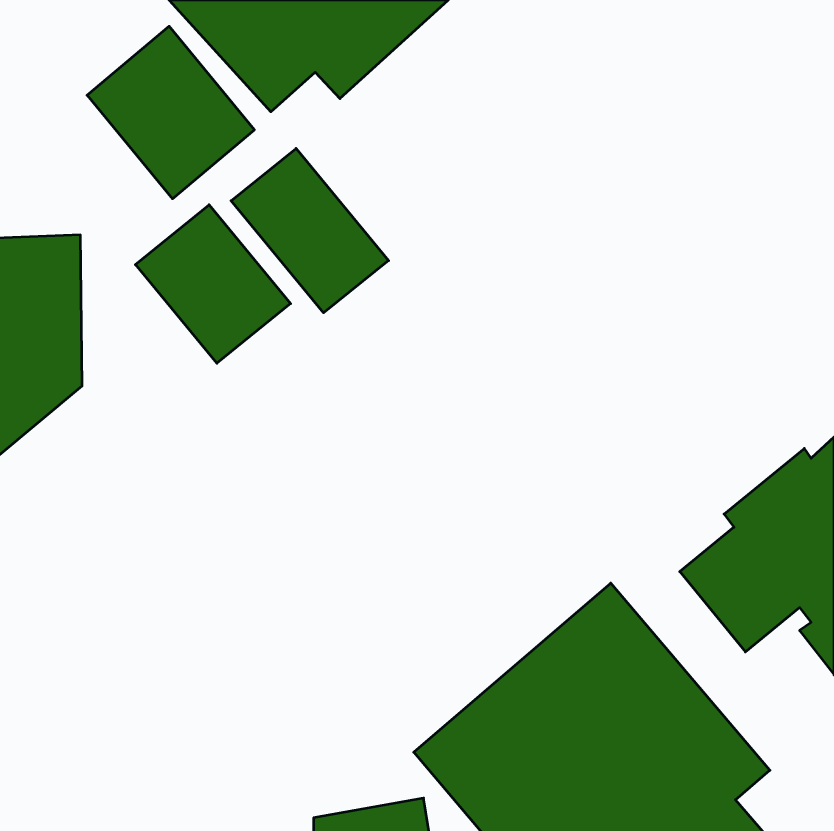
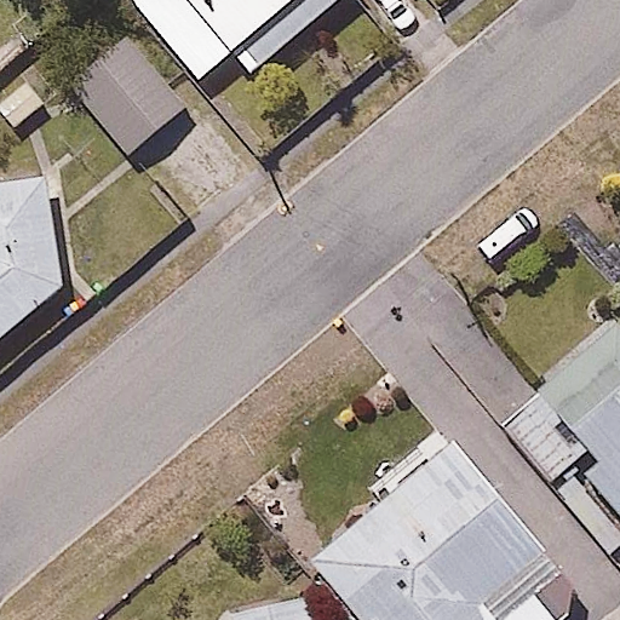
building: [231,148,389,313] -> none
building: [135,205,291,363] -> none

